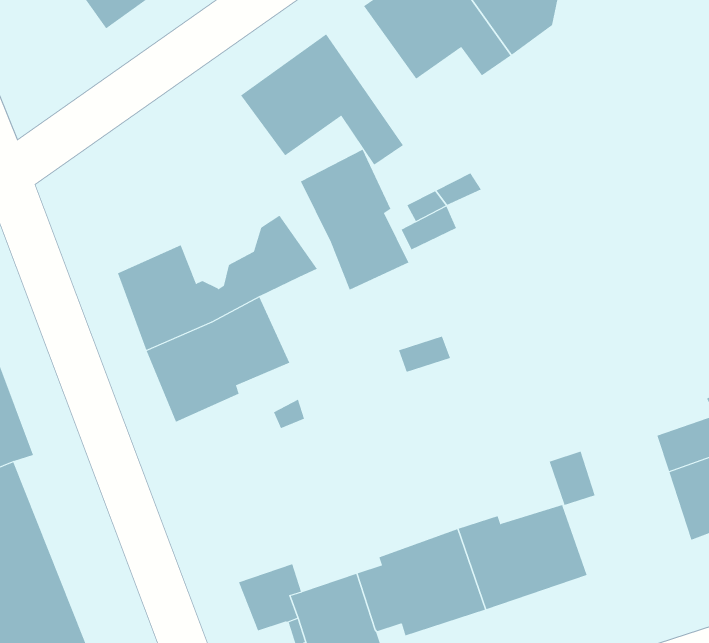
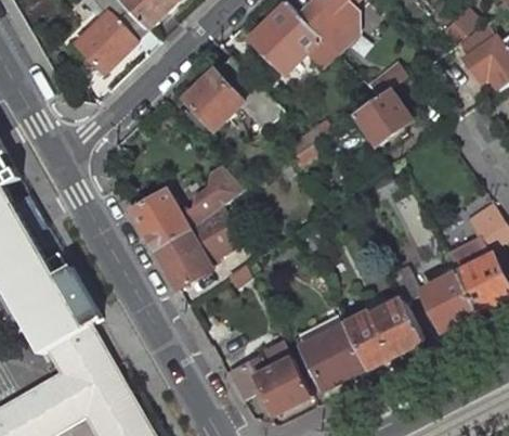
building: none -> [353,89,410,145]
building: [300,149,409,291] -> none
building: none -> [423,274,475,328]

